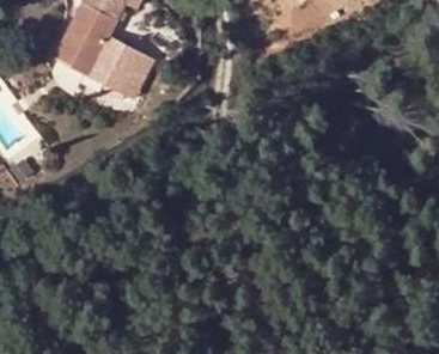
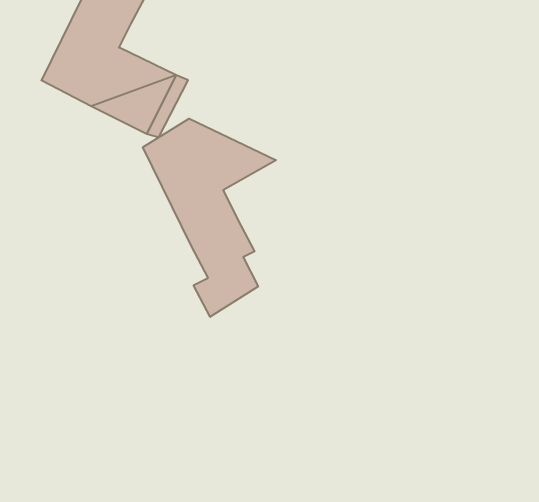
building: none -> [143,119,276,317]

